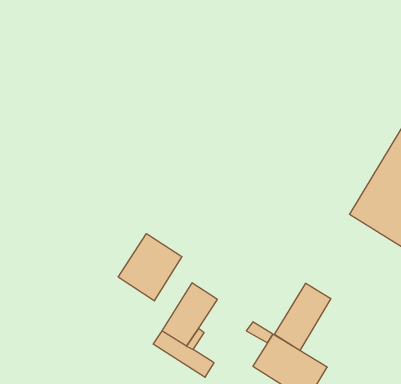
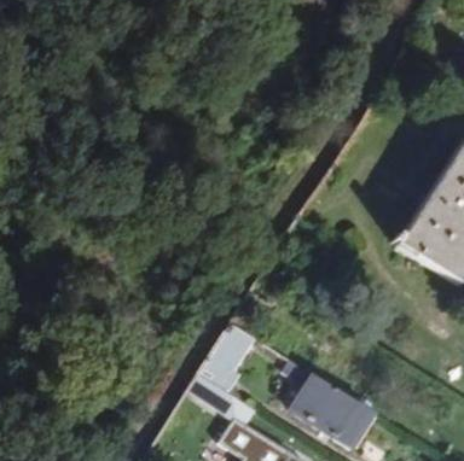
building: [118,234,182,301] -> none
building: [274,283,331,350] -> none

